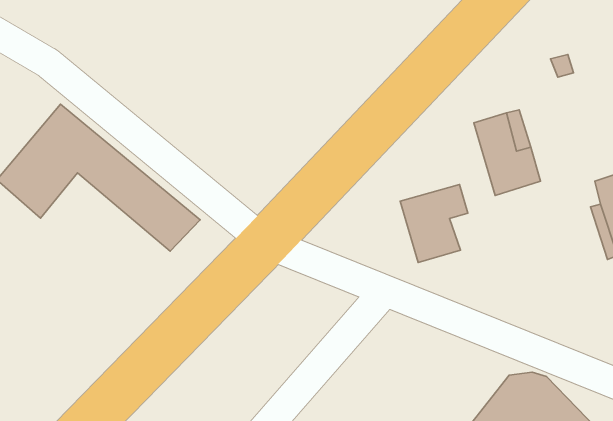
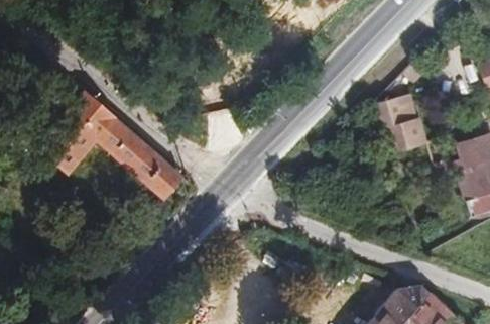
building: [400,184,468,262] -> none

